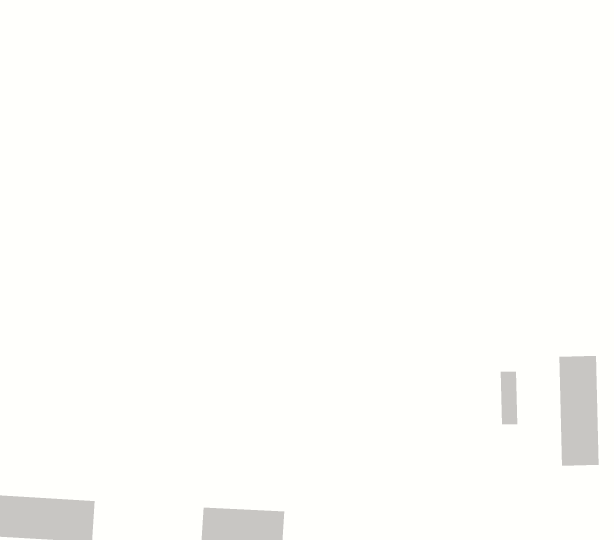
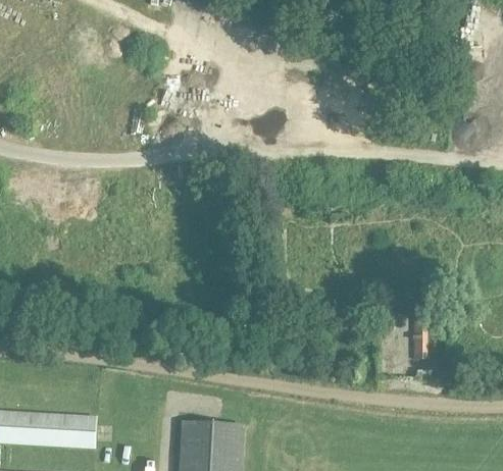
building: [559,355,599,466] -> none

